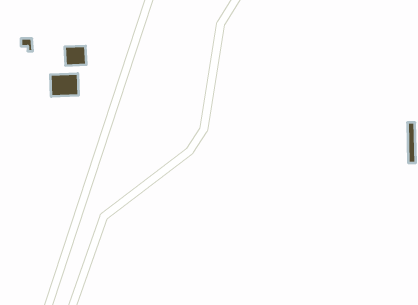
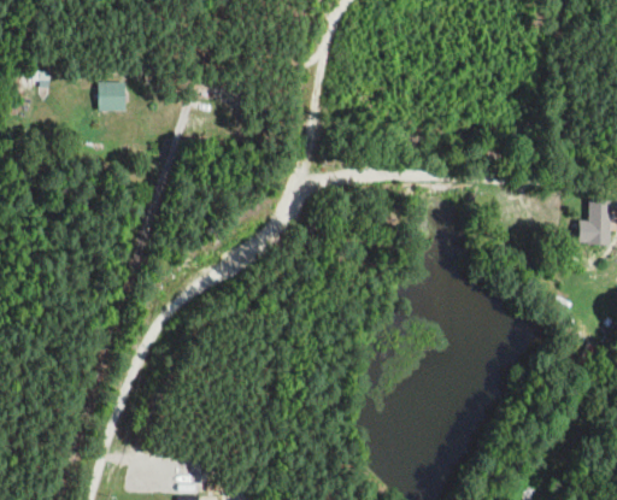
building: [50,73,78,97] -> none

